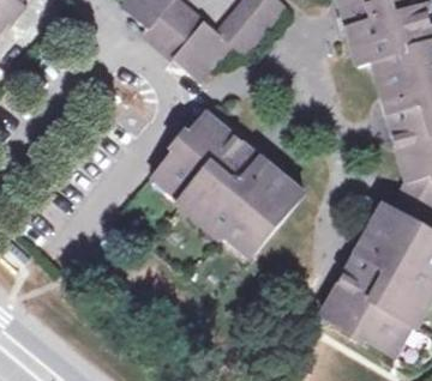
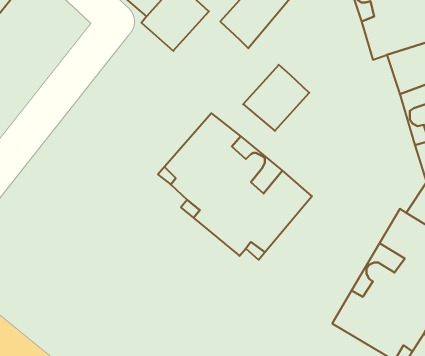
building: [170,20,233,83] -> [243,65,309,131]

